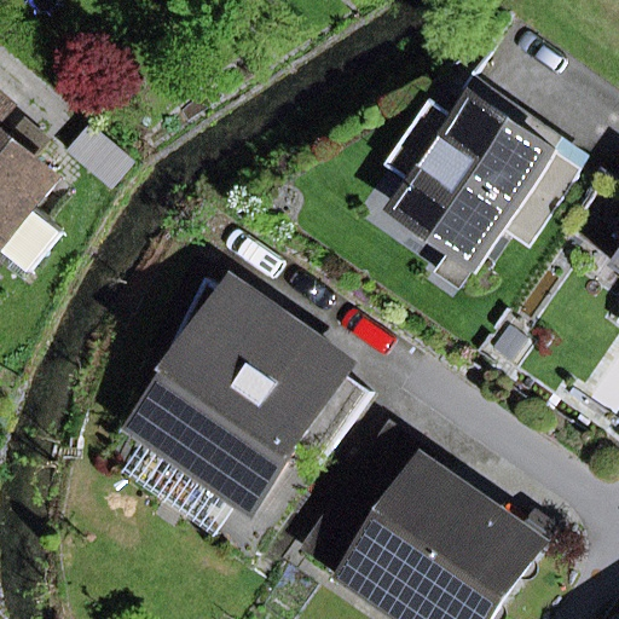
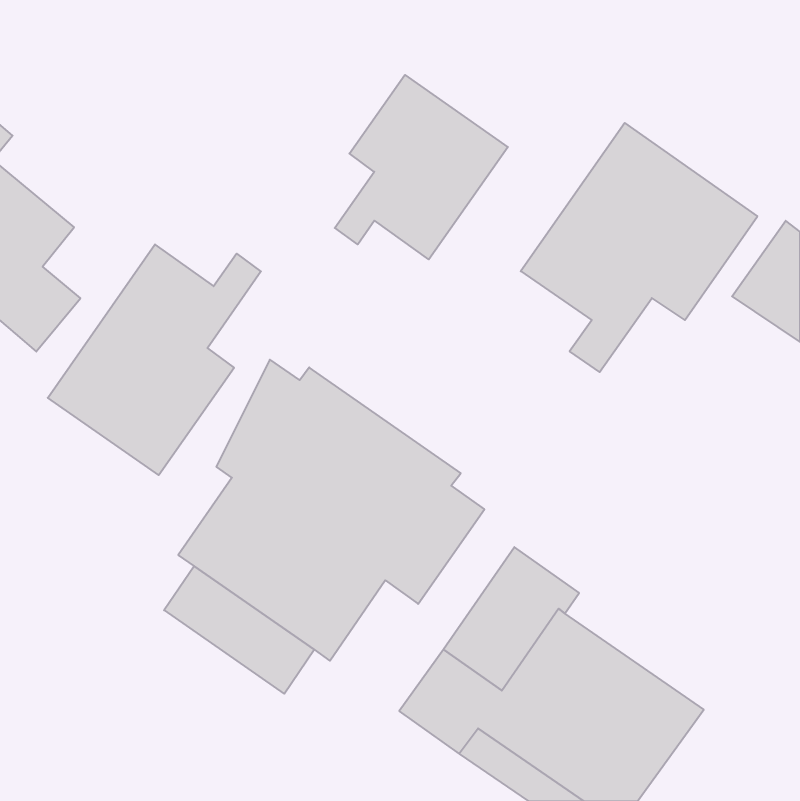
building: none -> [335,75,508,259]
building: none -> [48,244,261,475]

